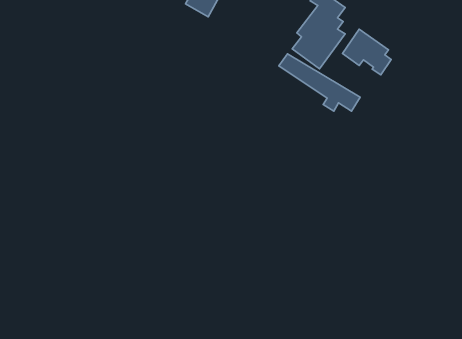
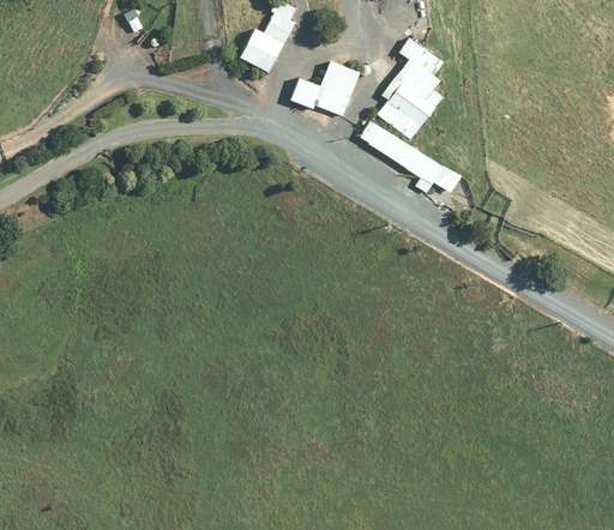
building: none -> [290,60,371,115]
building: [343,29,391,75] -> none

